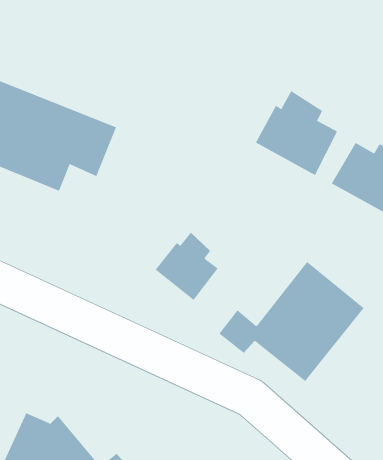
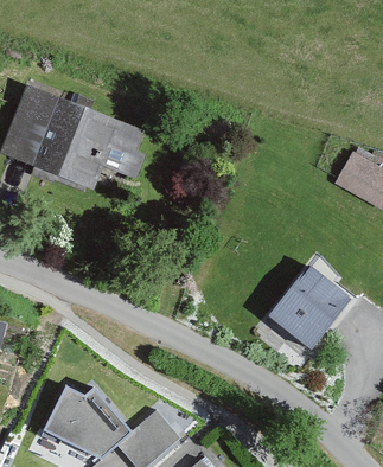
building: [255,90,338,176] -> none
building: [155,232,218,301] -> none

